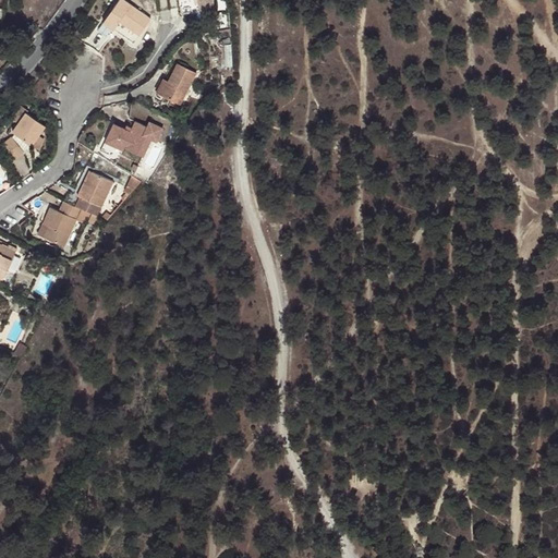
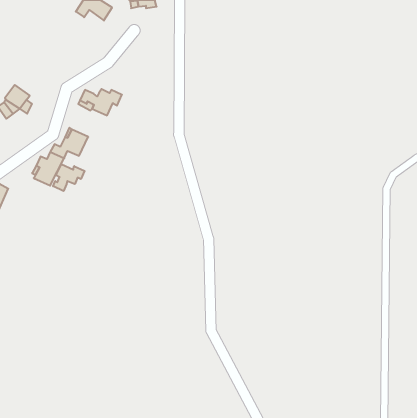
building: [156,63,196,105] -> none
building: none -> [53,164,85,191]

